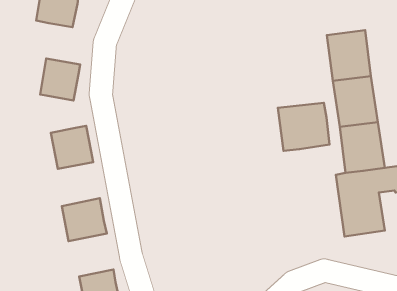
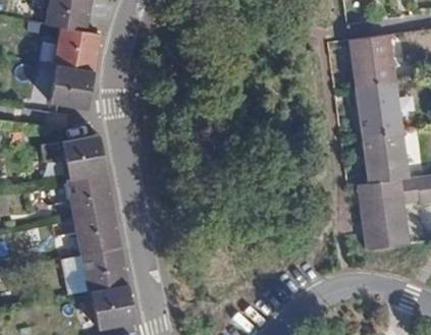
building: none -> [53,27,99,70]
building: [278,103,330,151] -> none
building: none -> [65,172,112,218]
building: none -> [79,246,126,292]

